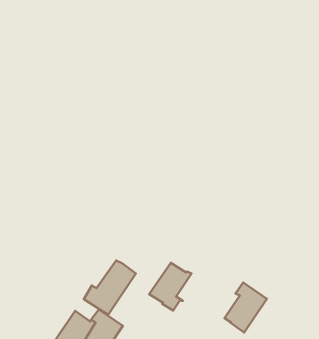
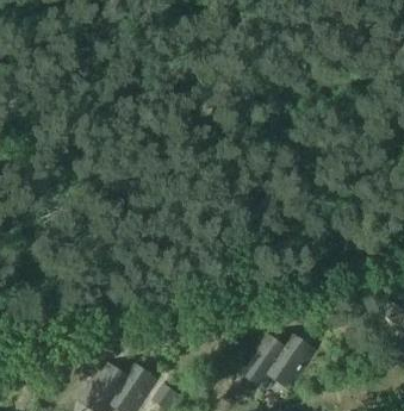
building: [84,260,136,315] -> none
building: [149,263,191,310] -> [241,336,287,388]

